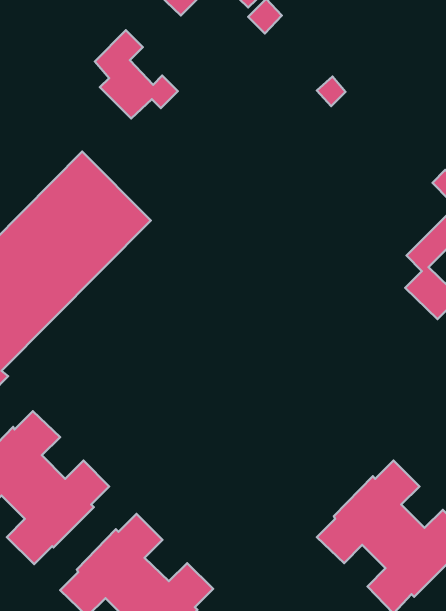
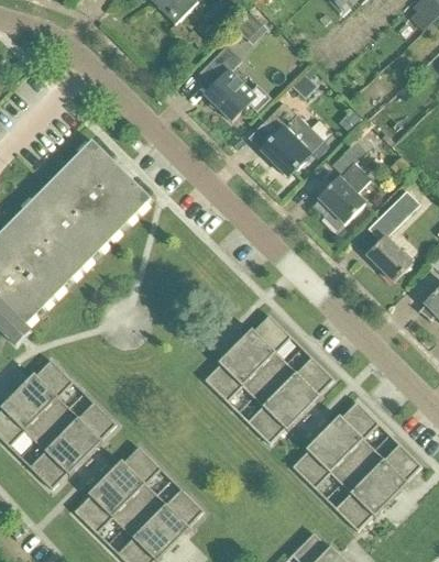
building: [95,30,178,118] -> [199,46,270,121]
building: none -> [260,102,322,176]
building: none -> [311,129,372,230]
building: none -> [204,315,332,444]

